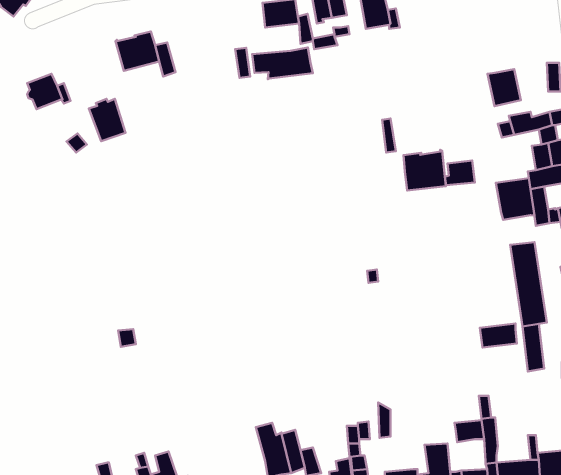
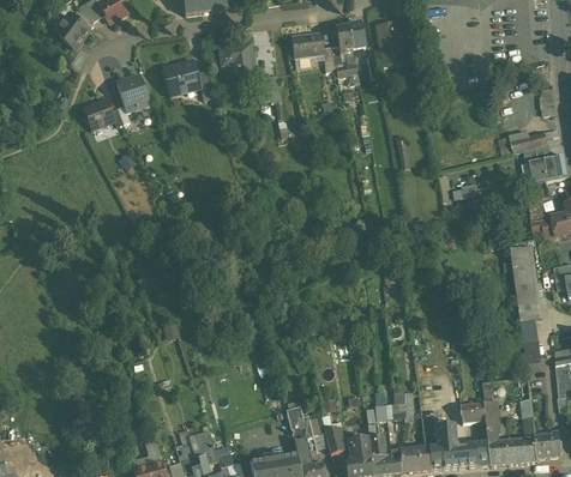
building: none -> [220,42,256,81]
building: [252,47,313,79] -> none
building: [487,69,521,106] -> none
building: [89,99,126,141] -> [116,74,149,111]
building: [403,150,446,191] -> none
building: [496,178,534,220] -> none
building: [480,323,517,347] -> none

